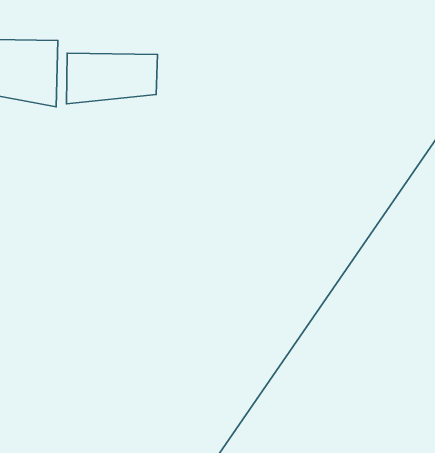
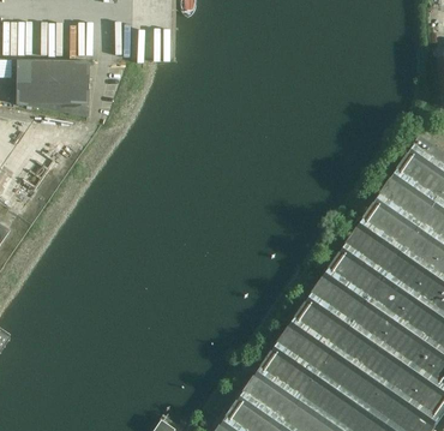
building: [67,53,158,104] -> none

